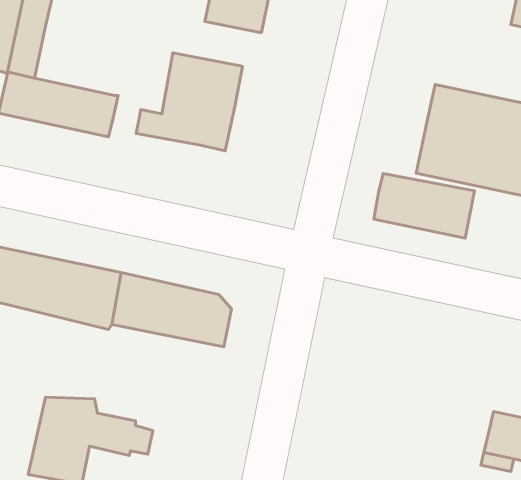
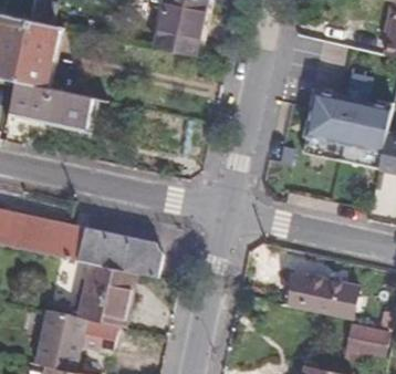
building: [136,53,242,151] -> none
building: [374,174,475,238] -> [289,274,359,320]
building: none -> [76,260,144,325]

